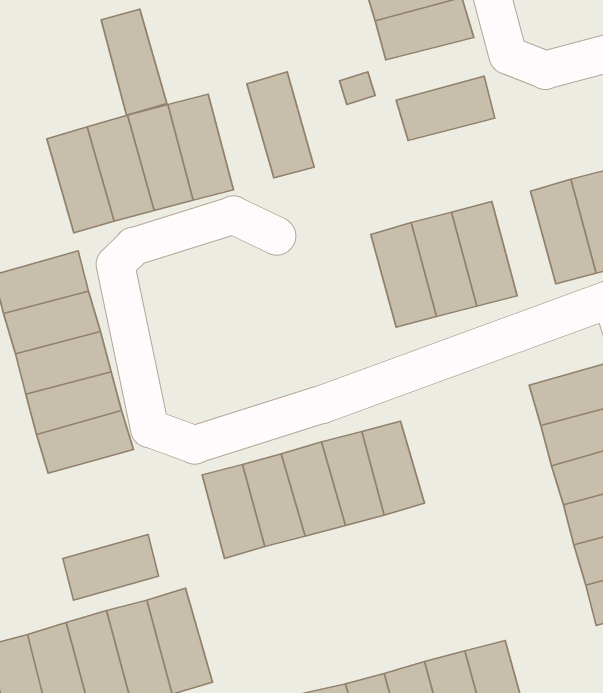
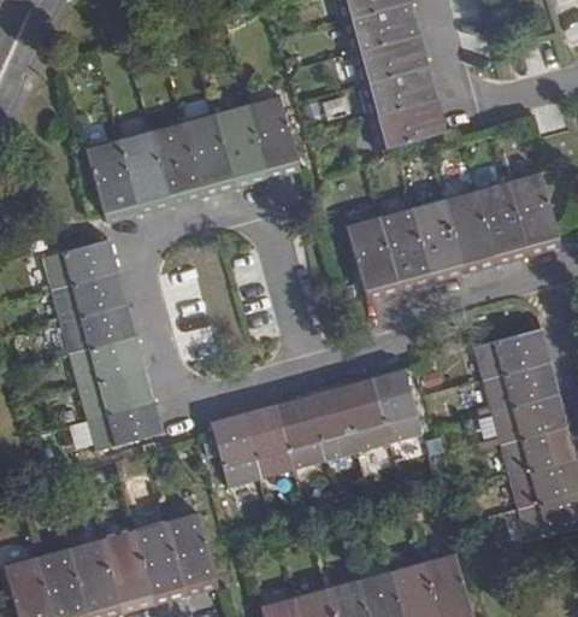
building: [101,9,167,115] -> [214,104,267,189]
building: none -> [358,66,437,117]
building: none -> [443,190,495,275]
building: none -> [370,366,421,442]
building: [63,535,158,600] -> [85,399,163,452]

